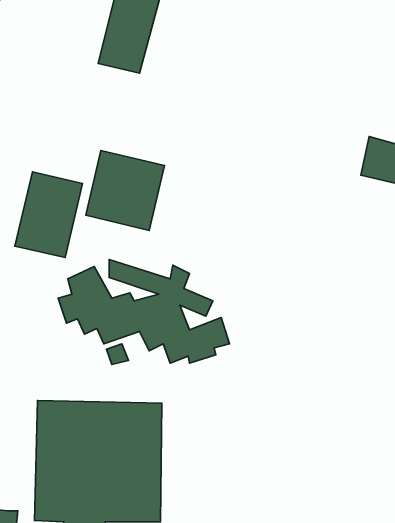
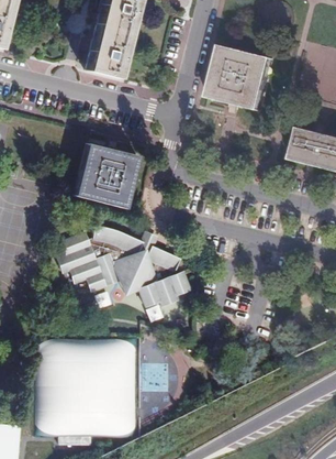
building: none -> [208,45,272,111]
building: [15,172,83,258] -> none

